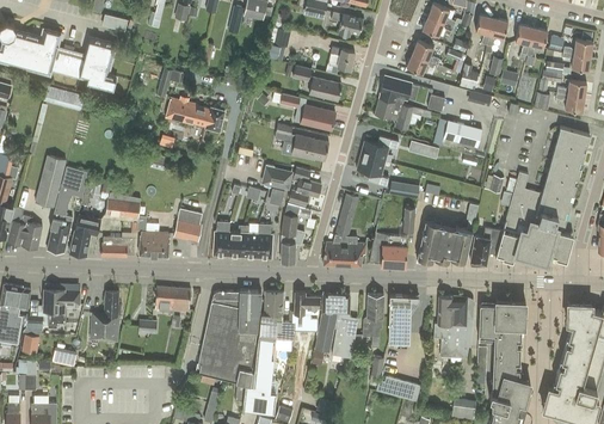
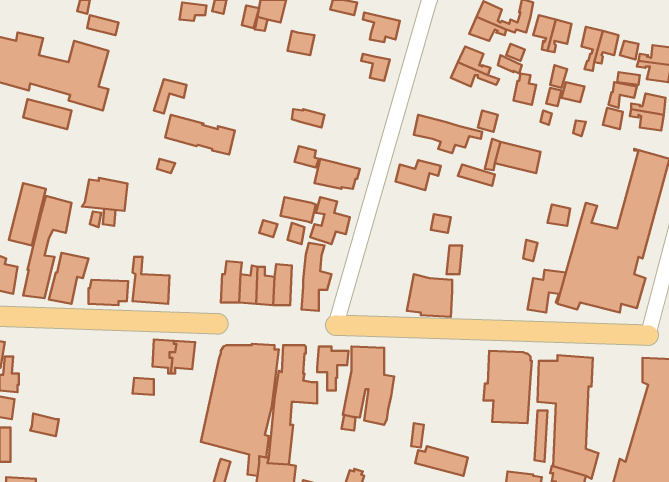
building: [292,66,341,100] -> none
building: [378,76,412,104] -> none
building: [301,105,335,130] -> none
building: [355,154,388,186] -> none
building: [103,193,141,221] -> [82,178,127,211]
building: [323,195,366,266] -> none
building: [173,209,203,245] -> none
building: [417,221,473,262] -> none
building: [43,289,80,327] -> none
building: [91,291,121,340] -> none
building: [363,295,383,346] -> none
building: [388,295,415,343] -> none

